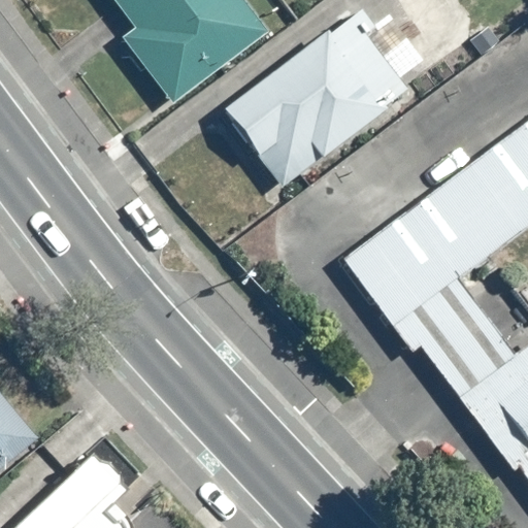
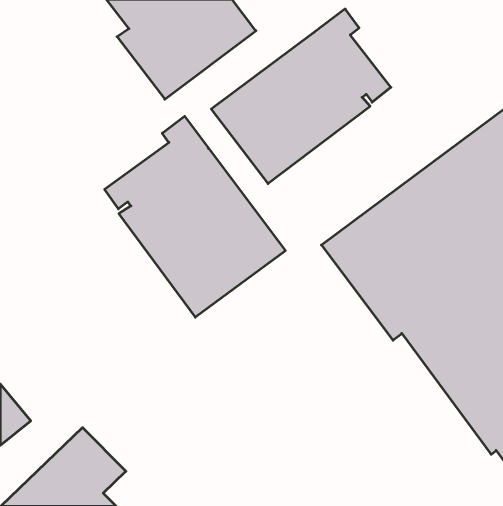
building: none -> [105,116,285,317]

